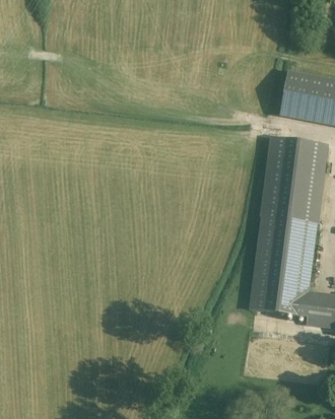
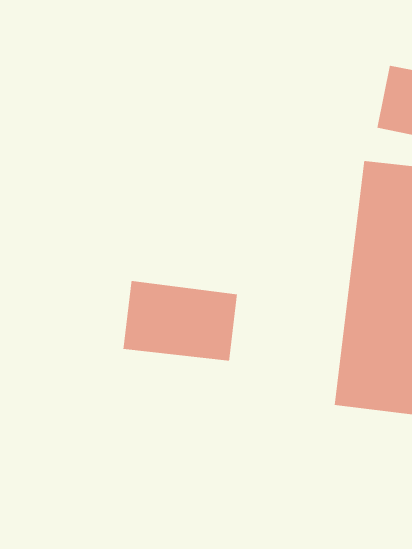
building: none -> [123,280,237,362]

